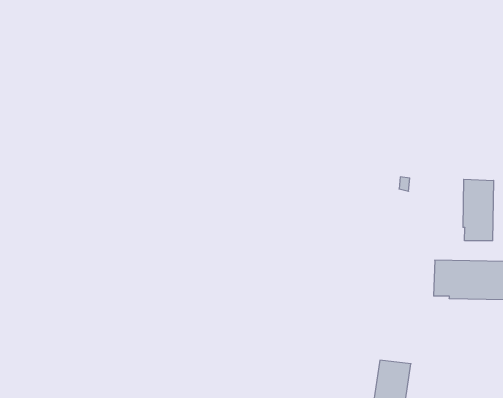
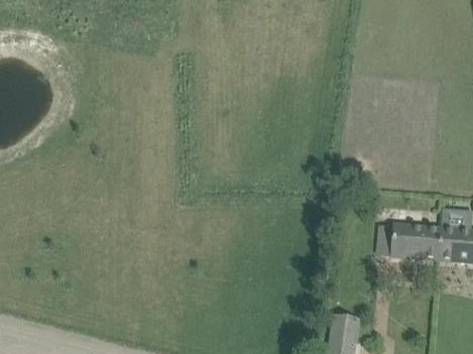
building: [463,179,494,241] -> none

